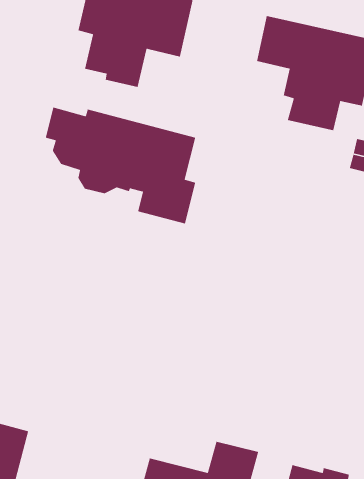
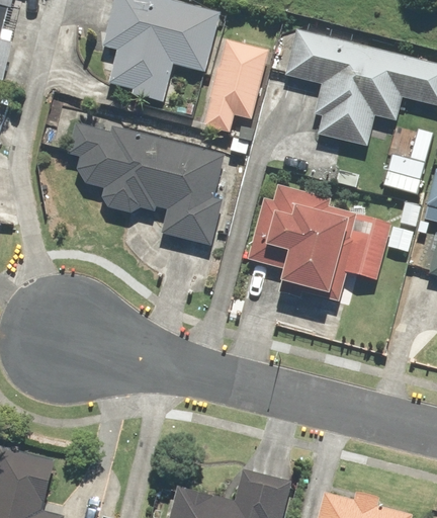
building: none -> [205,38,270,132]
building: none -> [250,183,390,299]

